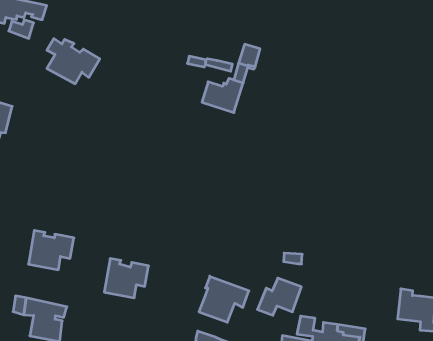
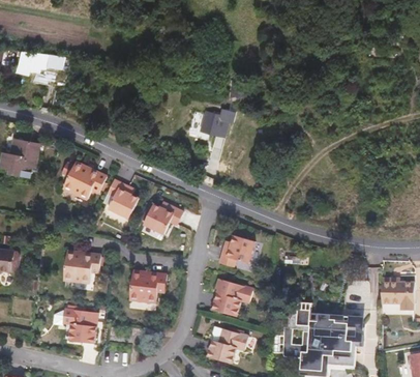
building: [47,39,100,84] -> [61,161,107,198]
building: none -> [108,178,139,218]
building: none -> [144,203,183,233]
building: [257,278,301,315] -> [217,235,253,267]

